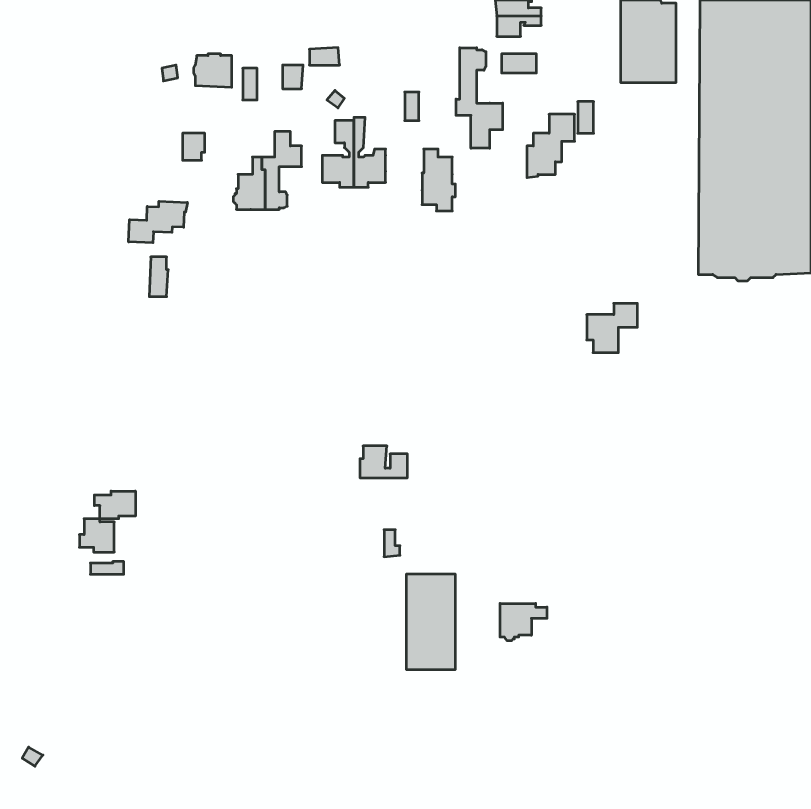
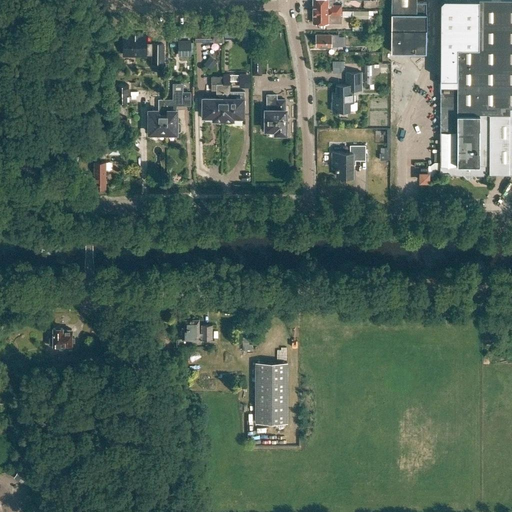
building: [456,48,503,148] -> none
building: [129,201,187,243] -> none
building: [587,303,637,353] -> [333,146,365,177]
building: [360,446,407,478] -> [182,320,212,340]
building: [94,491,135,519] -> none
building: [500,603,547,641] -> none

